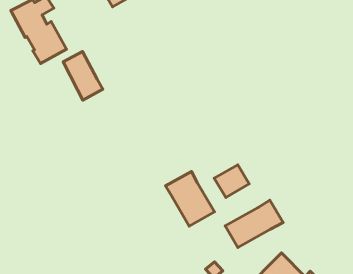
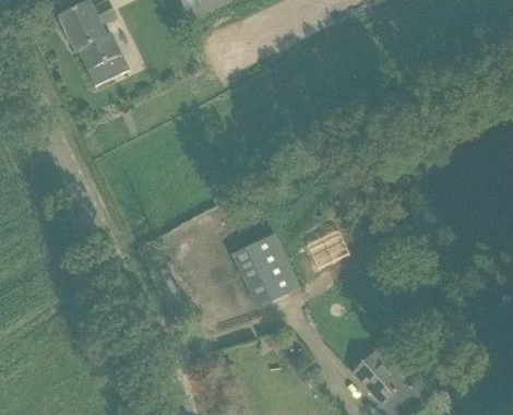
building: [63,52,103,100] -> none
building: [225,200,283,248] -> none

